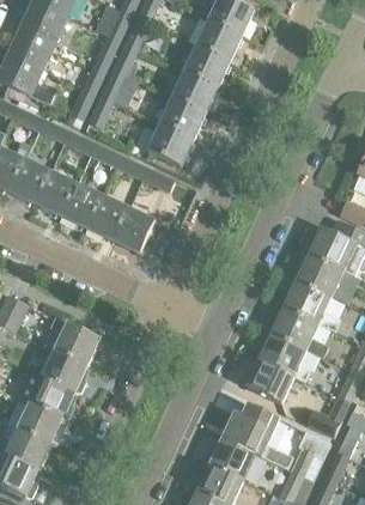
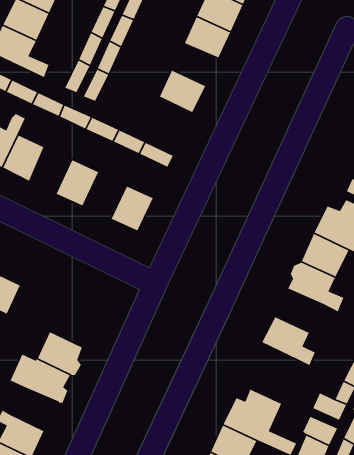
building: [171,71,217,111] -> none
building: [147,122,191,164] -> none
building: [35,170,75,215] -> none
building: [86,194,128,239] -> none
building: [270,306,326,355] -> none
building: [49,315,99,363] -> none
building: [245,358,292,401] -> none
building: [17,401,62,443] -> none

